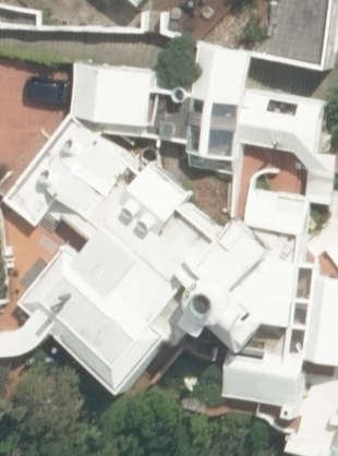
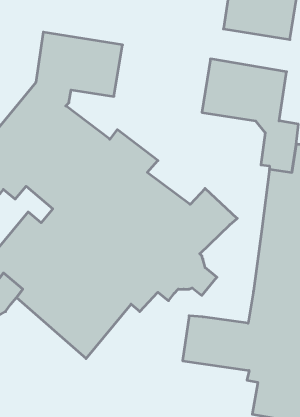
building: [100,49,249,176] -> none
building: [207,189,304,358] -> none

